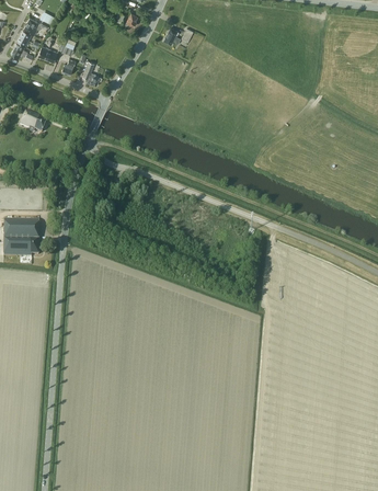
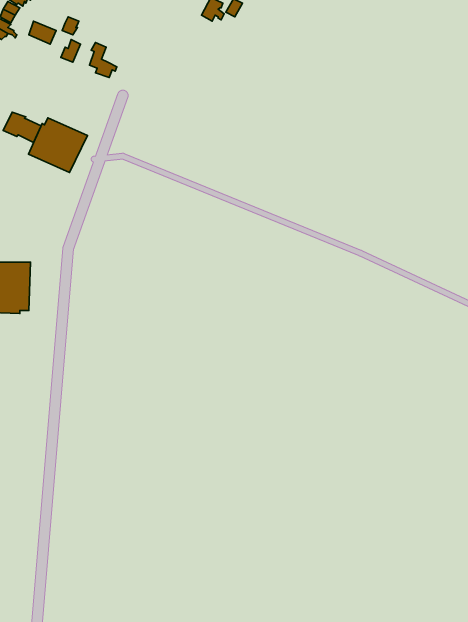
building: none -> [29,118,87,172]

